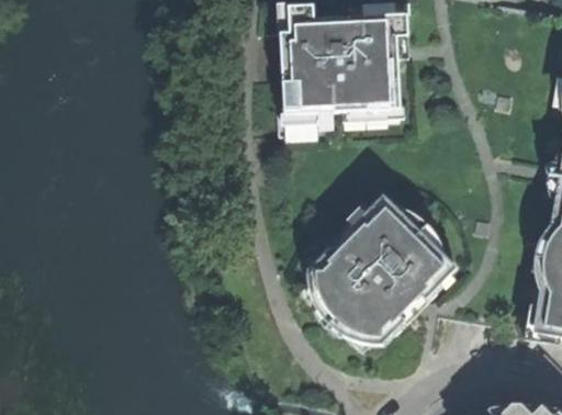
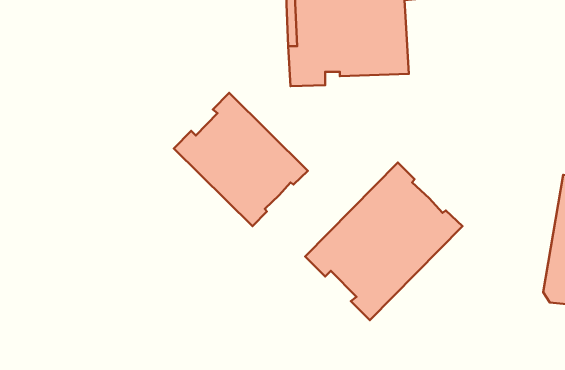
building: none -> [174,93,308,226]

